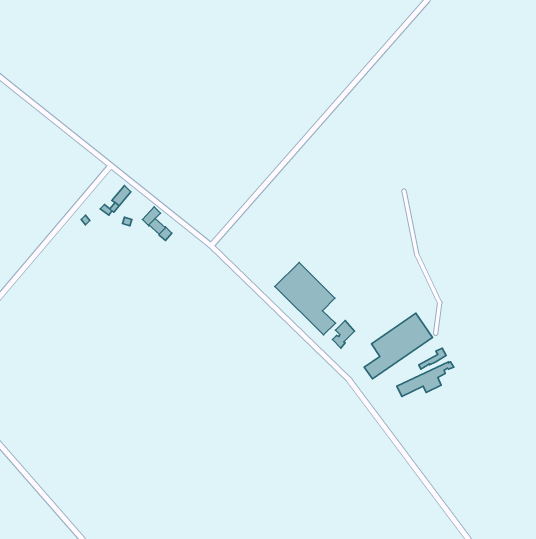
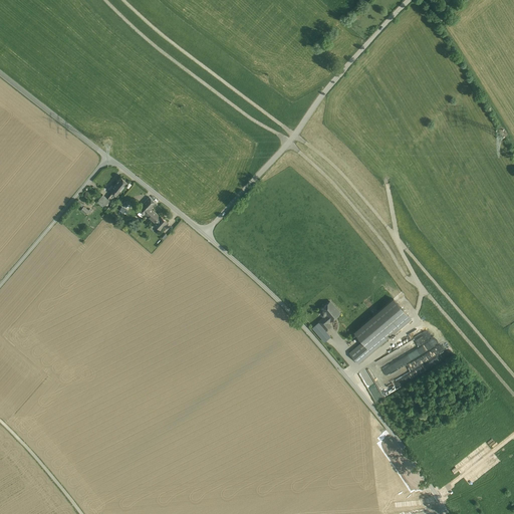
building: [275,262,335,335] -> none

